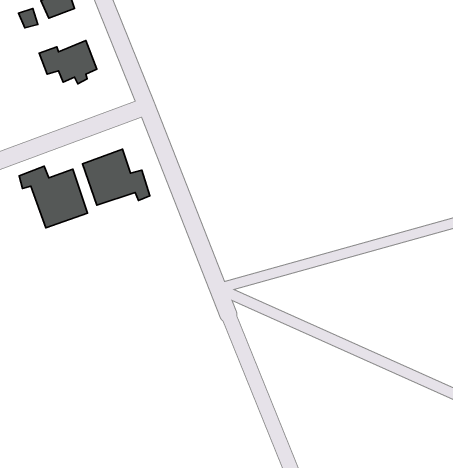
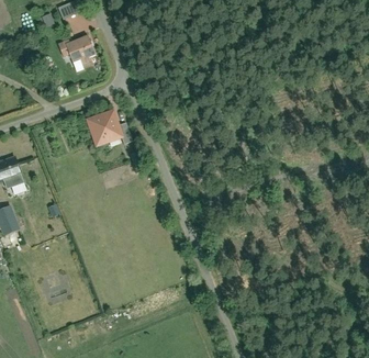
building: [19,166,88,228] -> none

